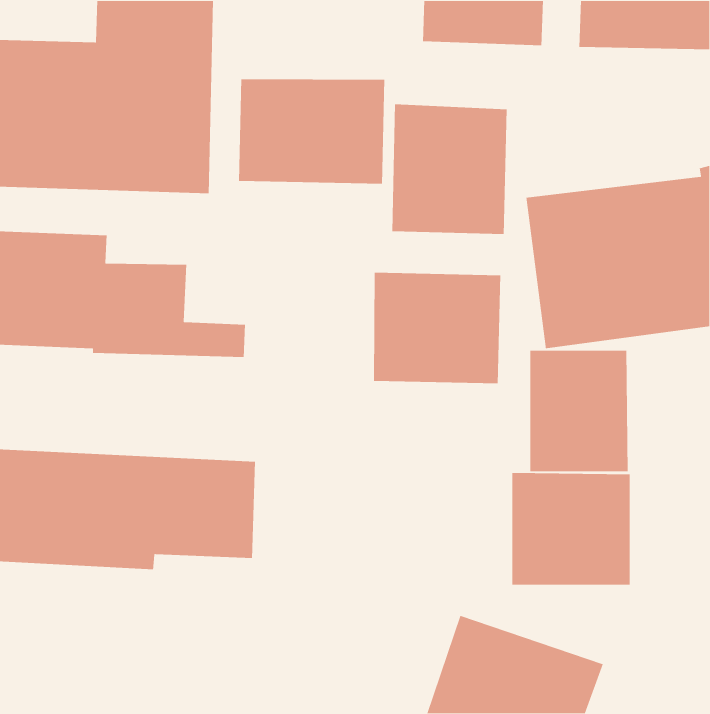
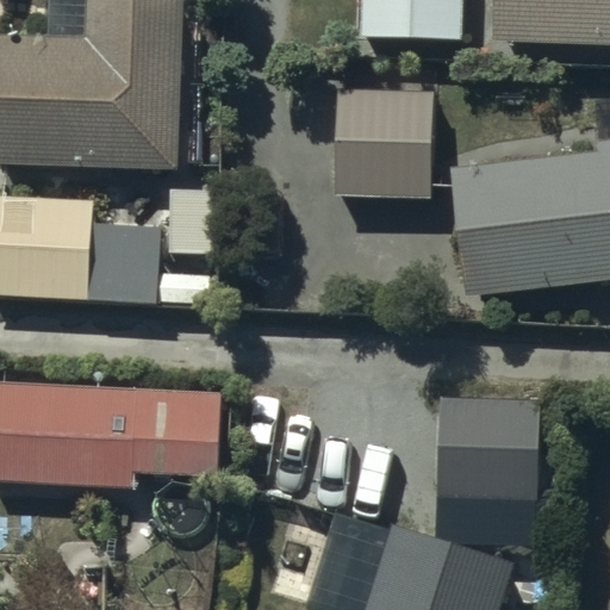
building: [238,79,385,185] -> none
building: [373,272,501,384] -> none
building: [529,350,629,472] -> none

